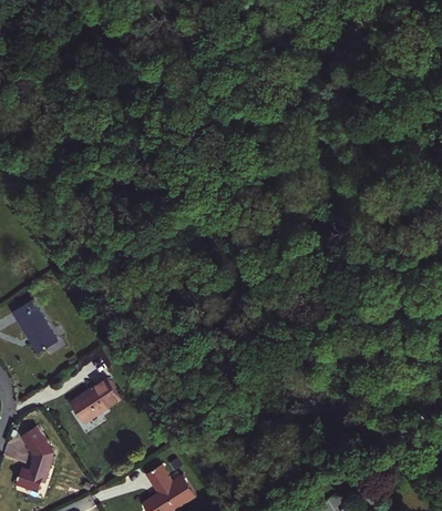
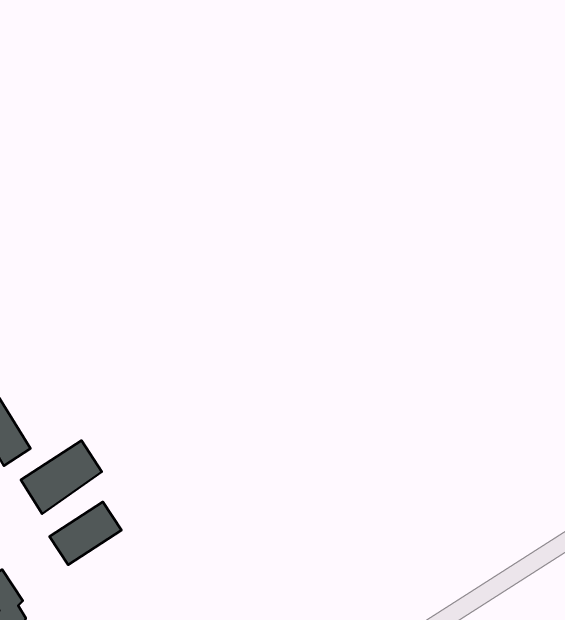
building: none -> [21,441,102,514]

